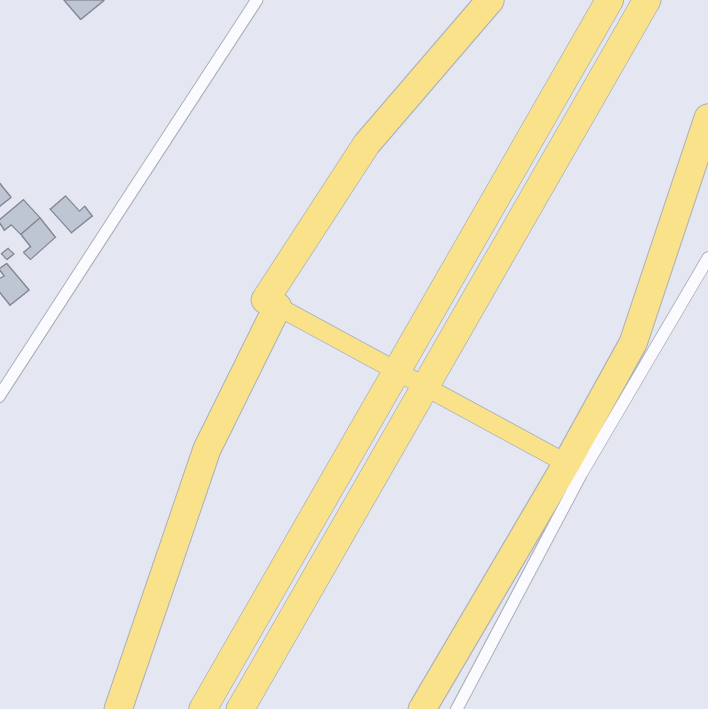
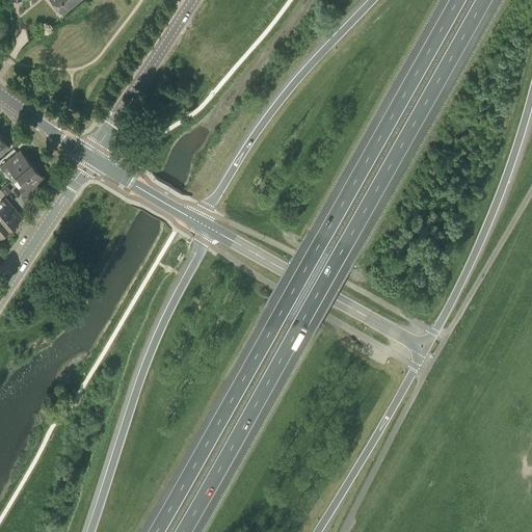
building: [50,196,92,233] -> none

